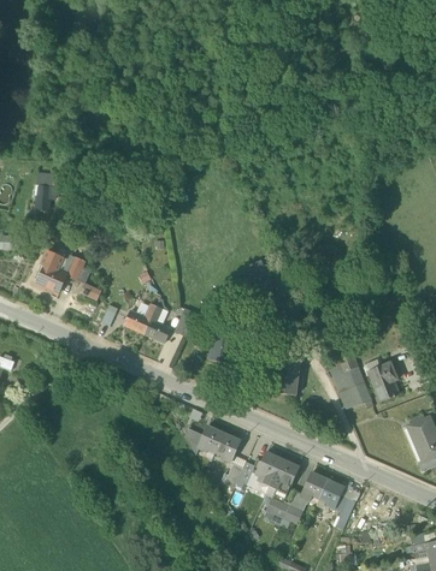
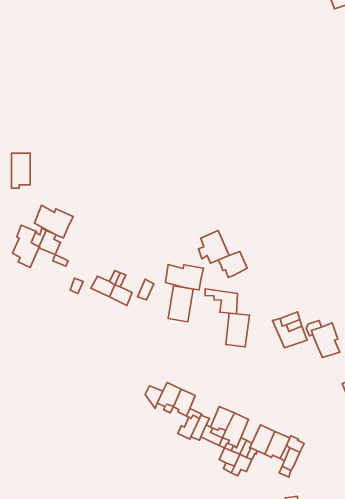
building: none -> [34,205,73,238]
building: none -> [218,251,247,277]
building: none -> [166,264,204,290]
building: none -> [205,289,237,314]
building: [338,379,371,408] -> none

